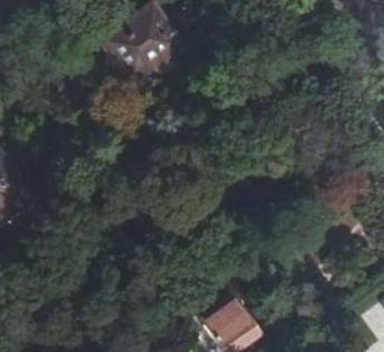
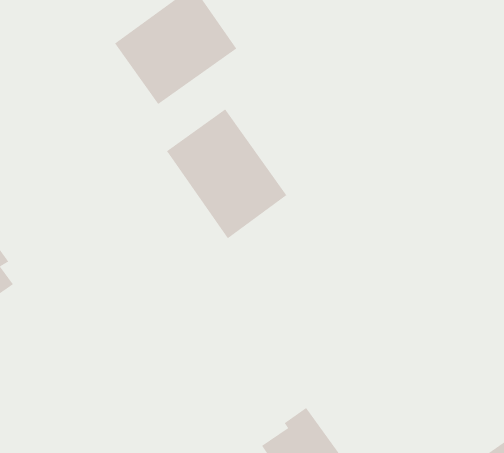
building: none -> [166,108,287,239]

